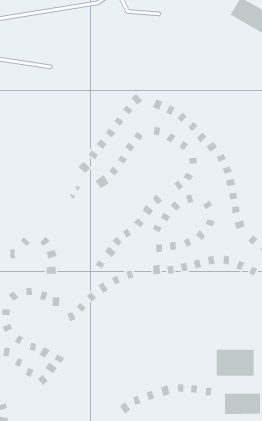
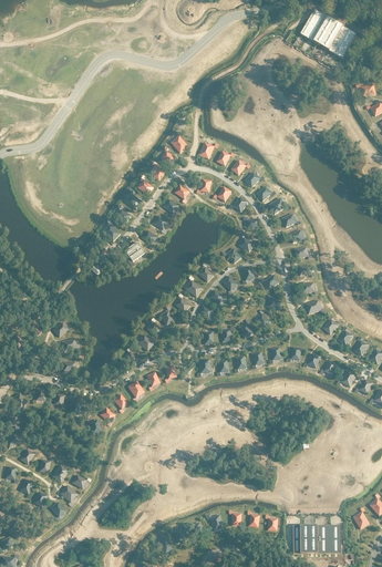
building: [216,349,255,376] -> none

